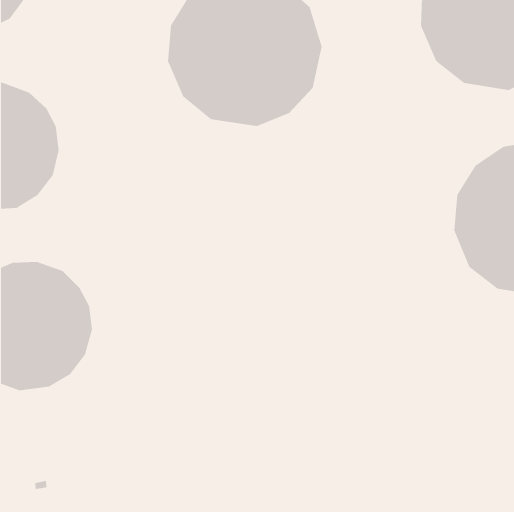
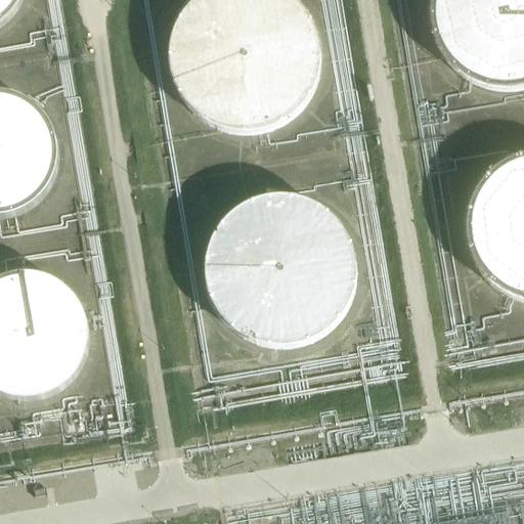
building: none -> [202,189,360,346]

